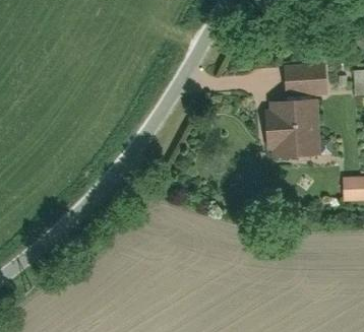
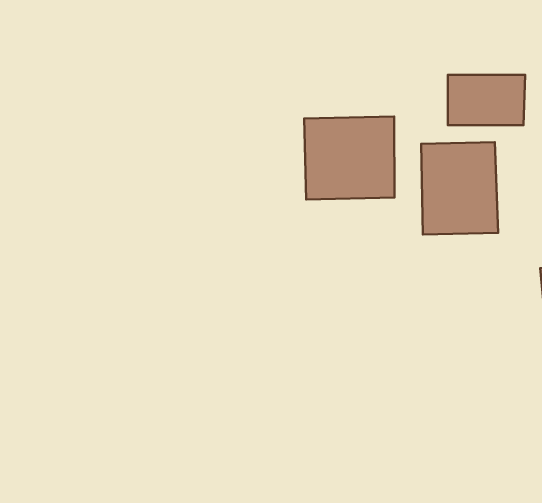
building: none -> [304,116,394,199]

